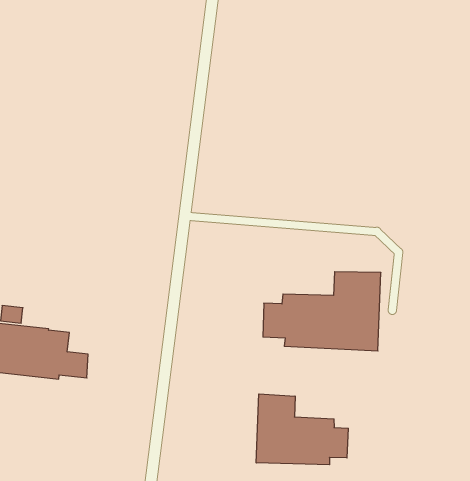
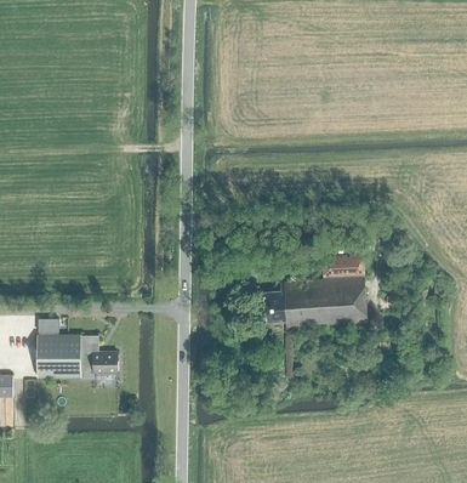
building: [256,394,348,465] -> none

